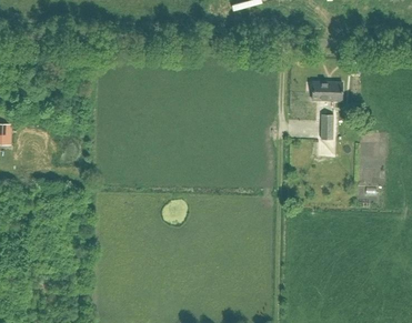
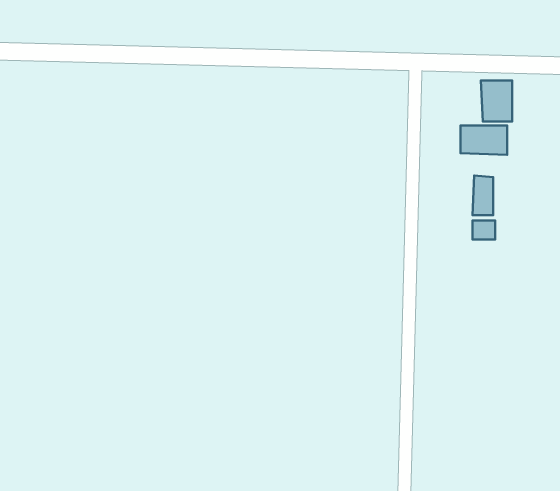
building: none -> [481,80,512,122]

